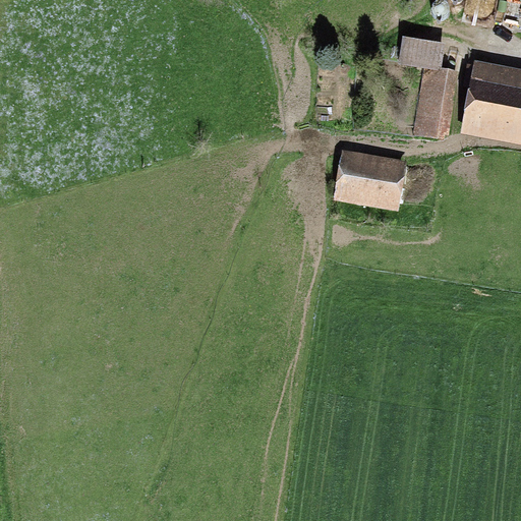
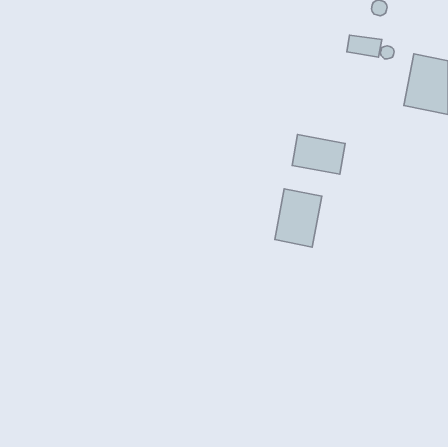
building: [416,66,448,135] -> none
building: none -> [275,189,322,247]

